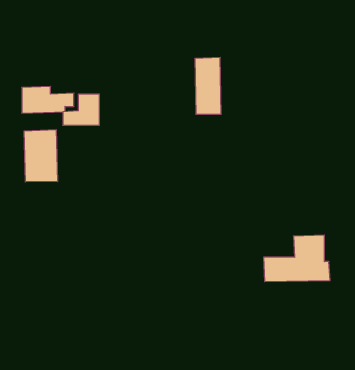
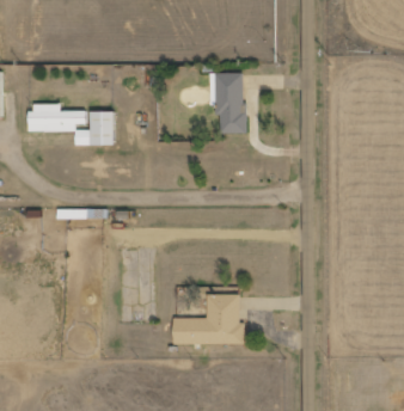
building: [24,130,58,182] -> none
building: [264,235,330,282] -> [172,294,244,344]

